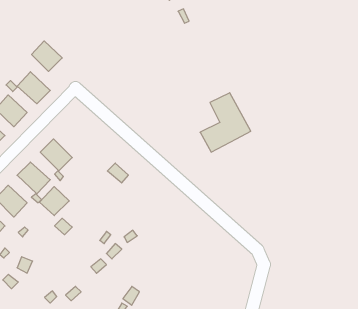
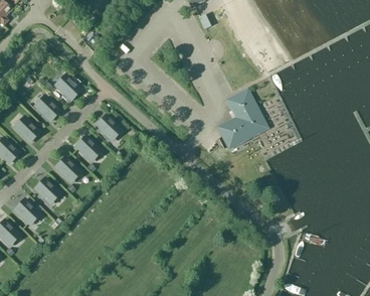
building: [32,41,62,71] -> none
building: none -> [92,113,122,142]
building: [39,187,69,216] -> none

